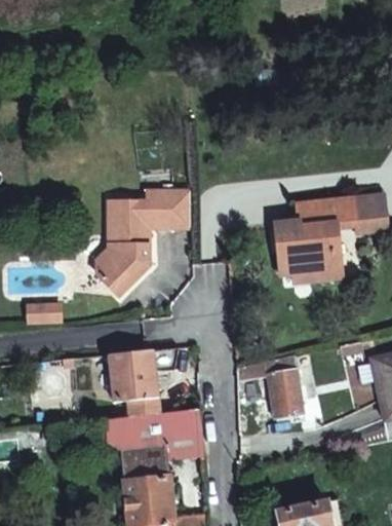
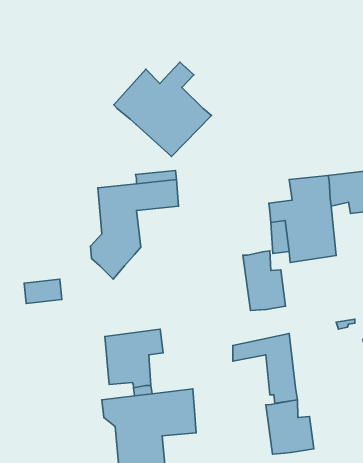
building: none -> [114,62,211,157]
building: none -> [243,251,286,311]
building: none -> [266,400,314,454]

